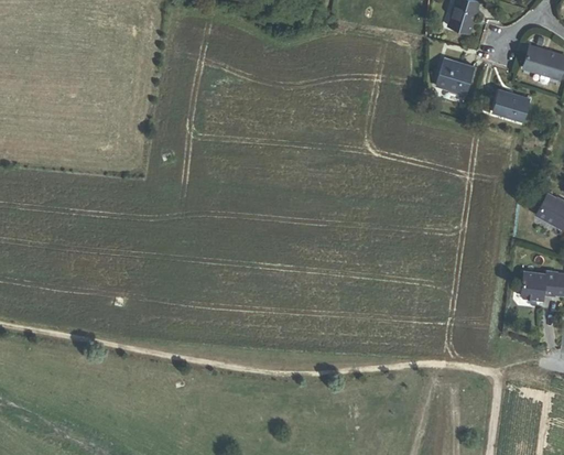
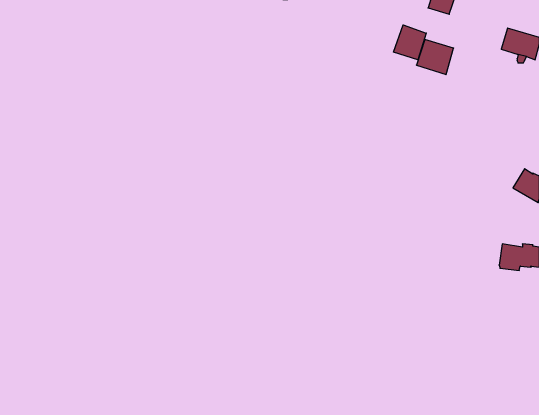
building: none -> [393,25,426,60]
building: [494,90,529,121] -> none

